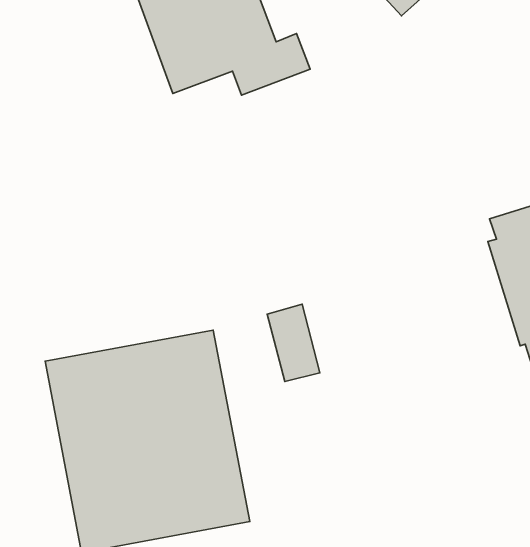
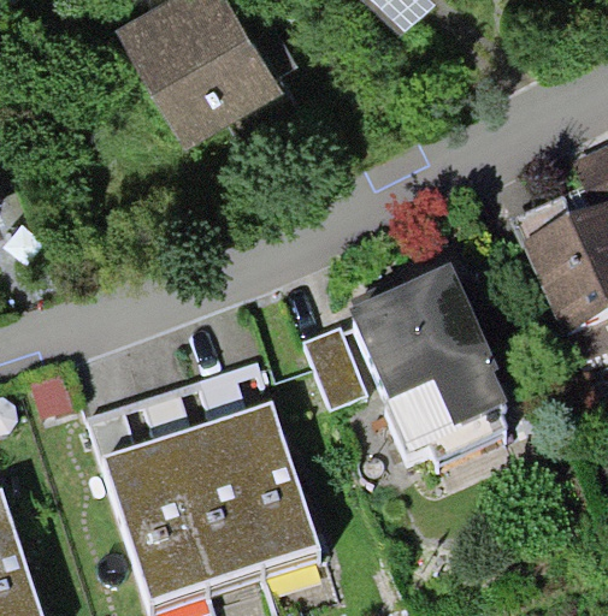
building: none -> [352,277,509,467]

